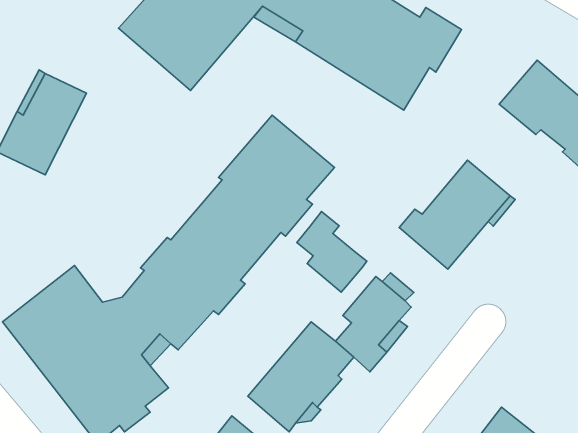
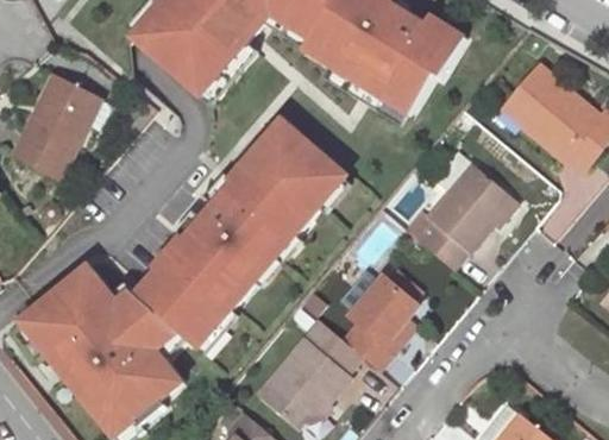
building: [297,212,367,292] -> none

